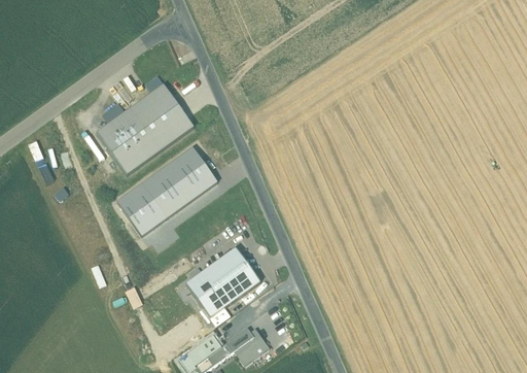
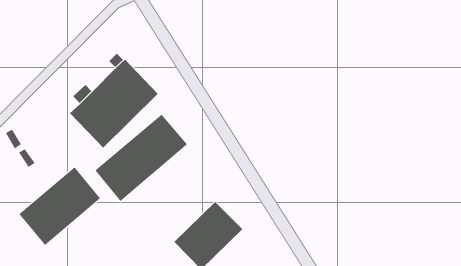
building: none -> [19,166,101,246]

